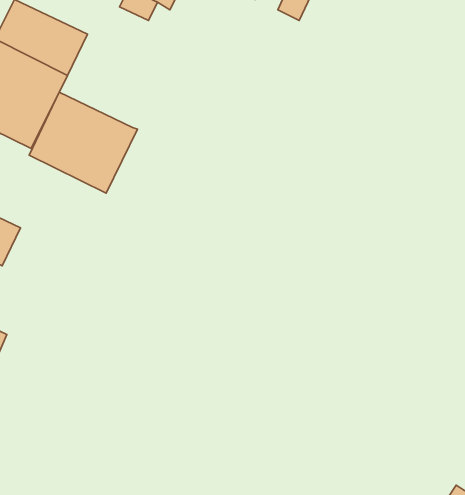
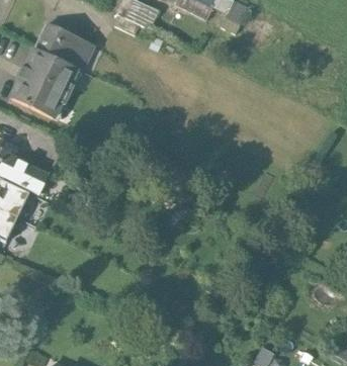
building: [29,92,138,193] -> none

